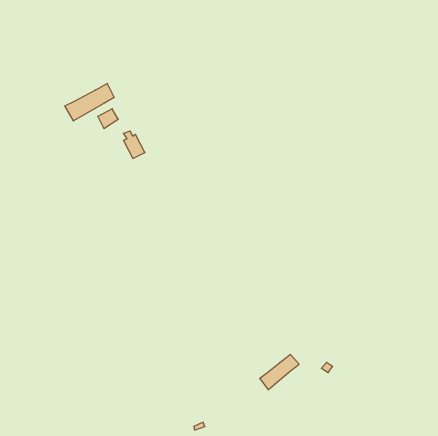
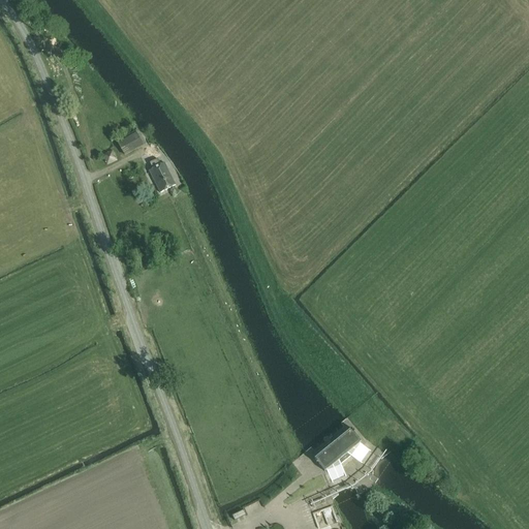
building: [65,83,114,121] -> none

